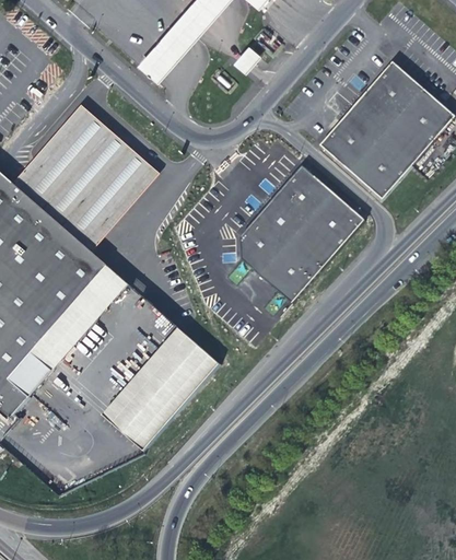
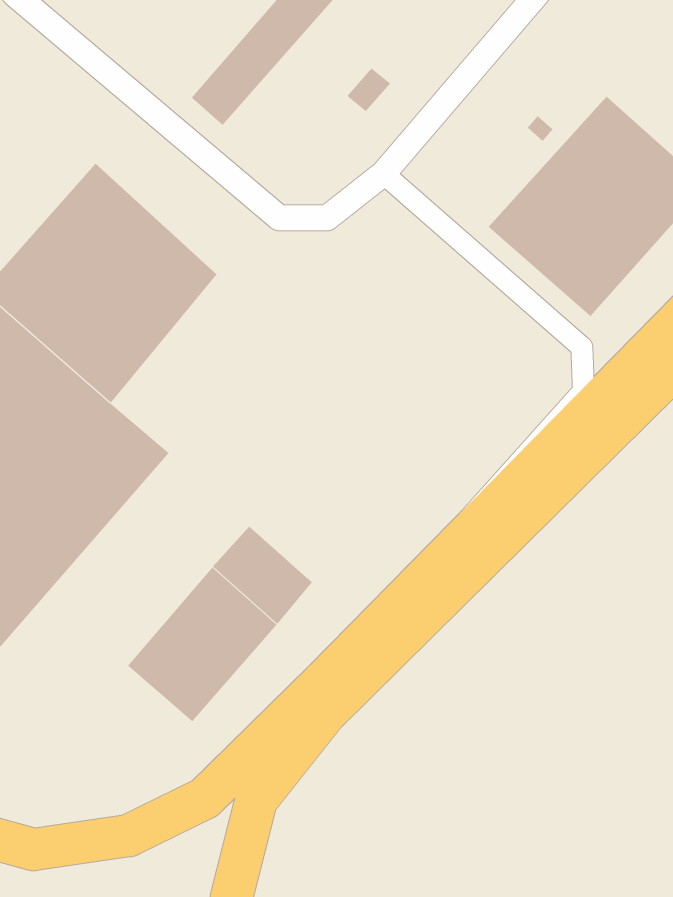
building: [241,164,366,303] -> none

